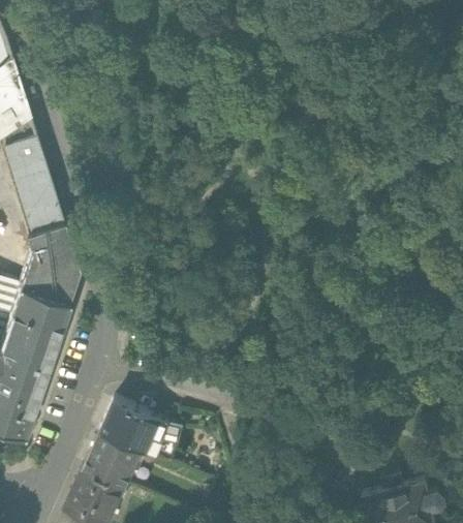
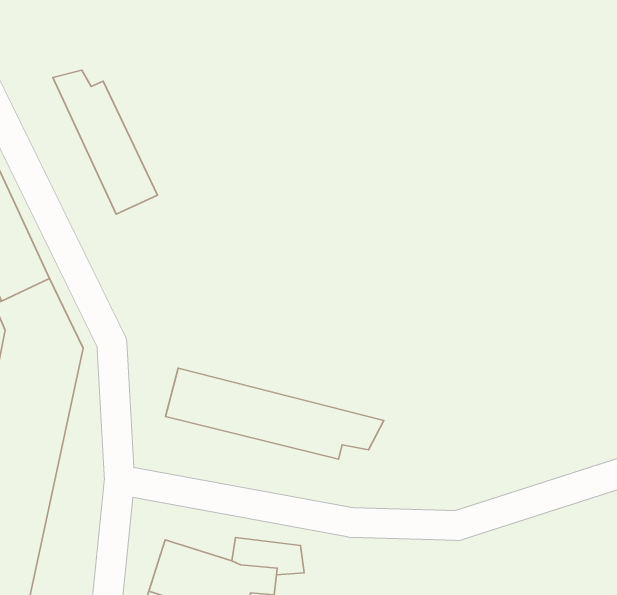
building: none -> [53,70,157,214]
building: none -> [166,368,384,459]

